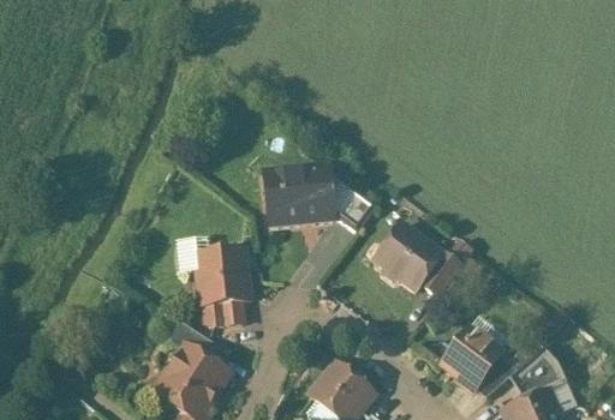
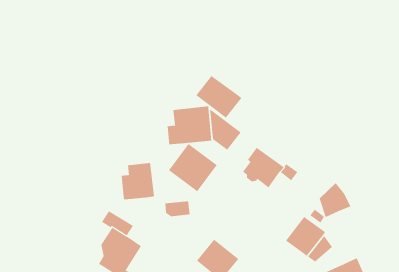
building: none -> [195,75,242,119]
building: none -> [168,143,218,192]
building: [203,301,241,325] -> [164,201,190,217]
building: [518,347,566,400] -> [319,182,351,218]

